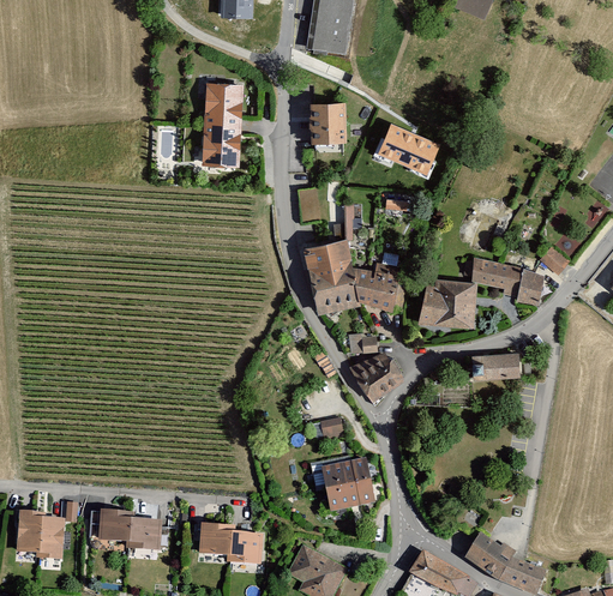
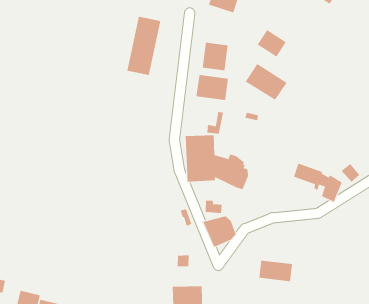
building: none -> [257,29,287,57]
building: none -> [196,74,228,101]
building: [420,278,476,329] -> none
building: [470,351,519,380] -> [258,260,293,282]

